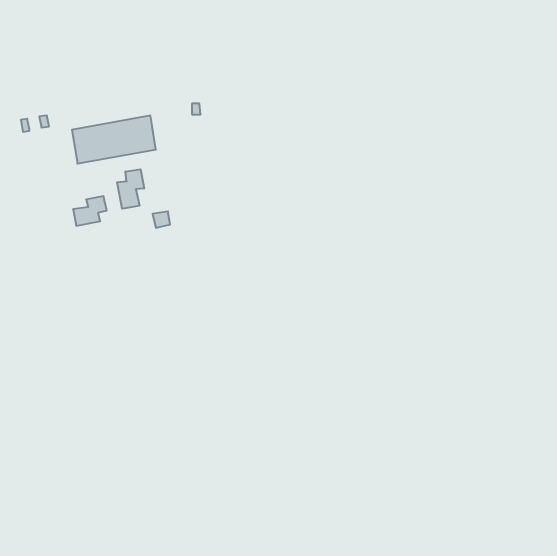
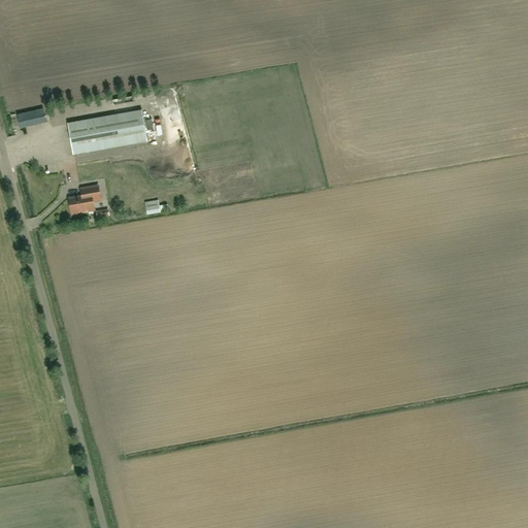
building: [117,169,144,209] -> none

